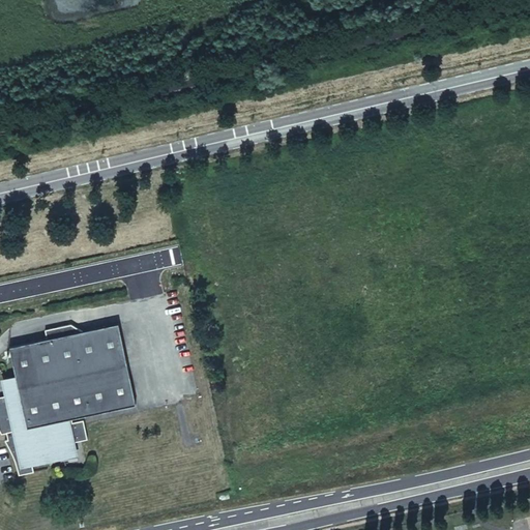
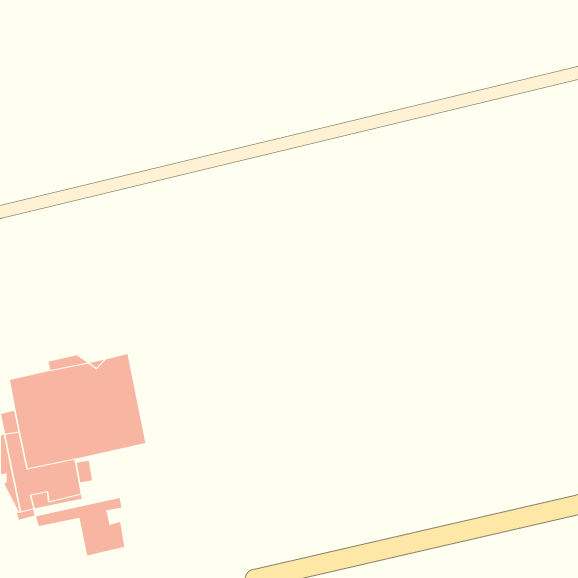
building: none -> [35,497,125,556]

